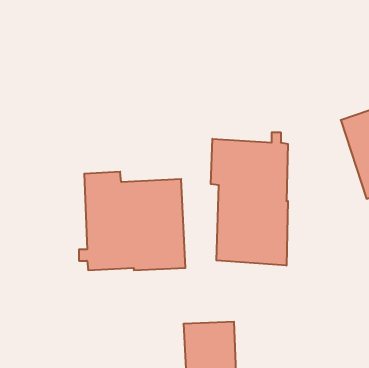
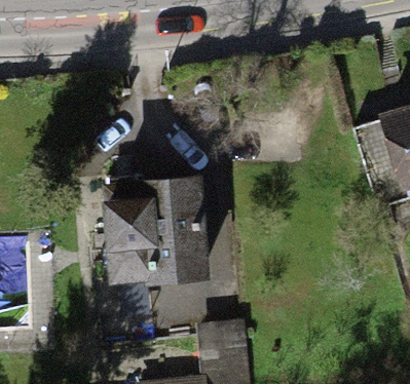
building: [211,132,288,266] -> none

